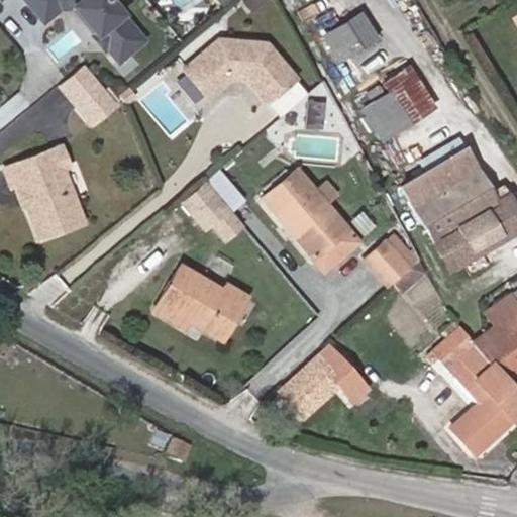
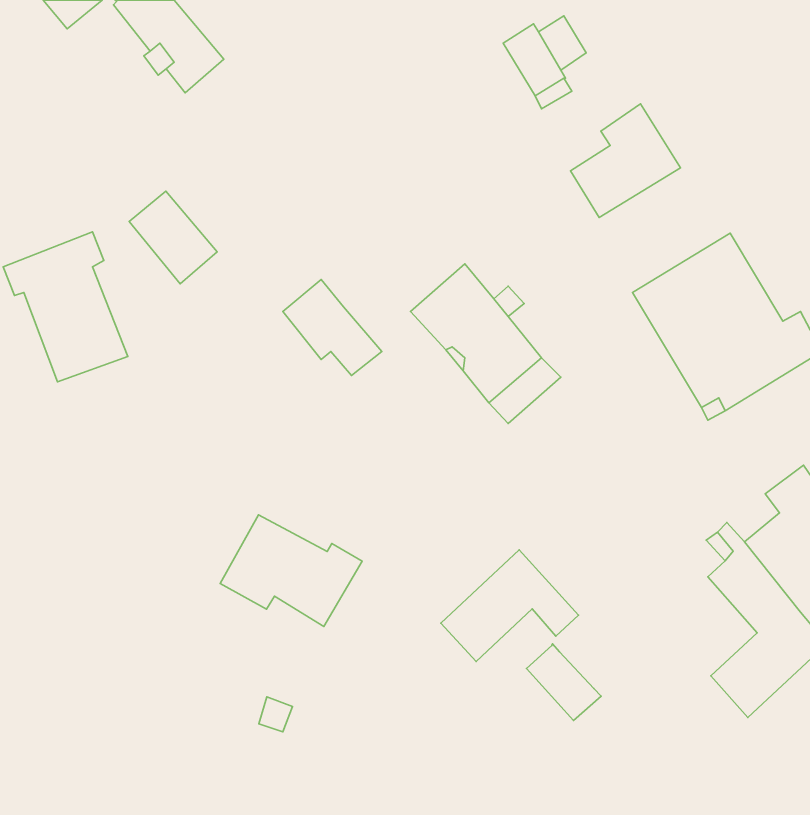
building: [188,37,299,99] -> none
building: [62,64,117,122] -> [129,191,217,284]
building: [367,235,416,286] -> none
building: [154,269,244,339] -> [220,515,362,627]
building: none -> [526,644,601,720]

